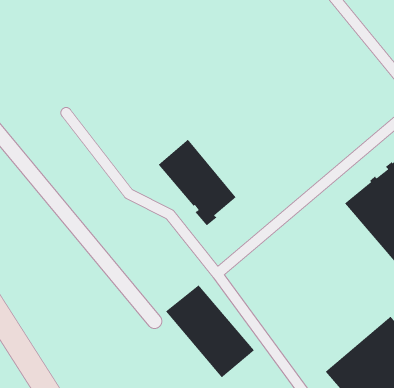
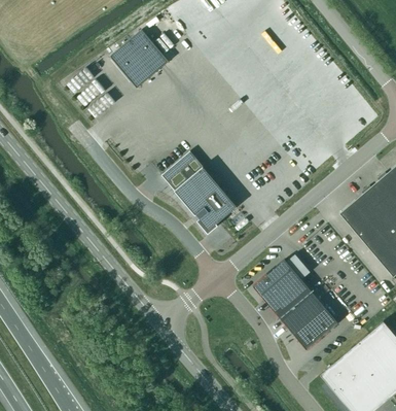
building: none -> [110,29,169,88]
building: [165,284,255,378] -> [253,260,338,349]

